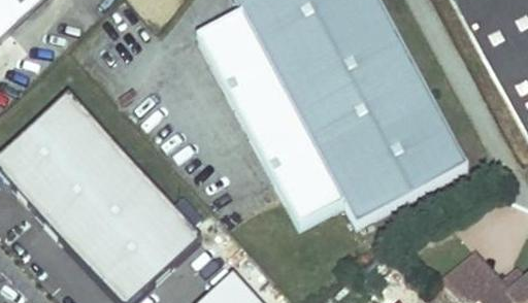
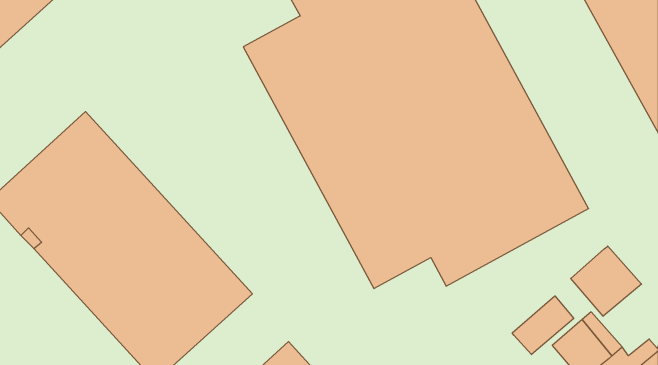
building: none -> [571,246,642,316]
building: none -> [512,296,574,355]

